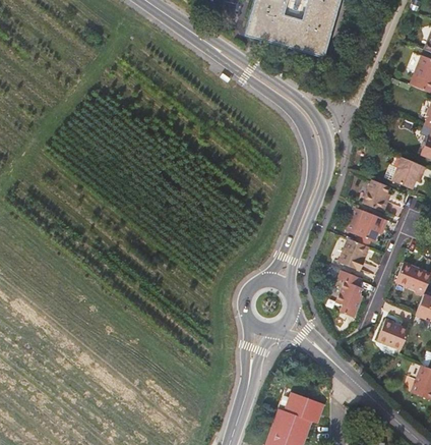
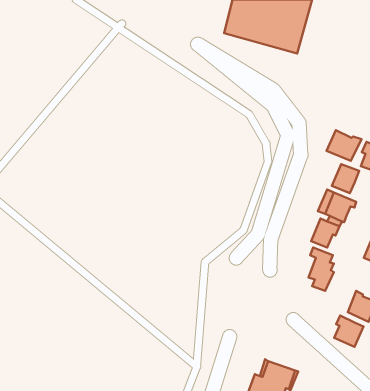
building: none -> [327,130,362,161]
building: none -> [334,316,364,347]

